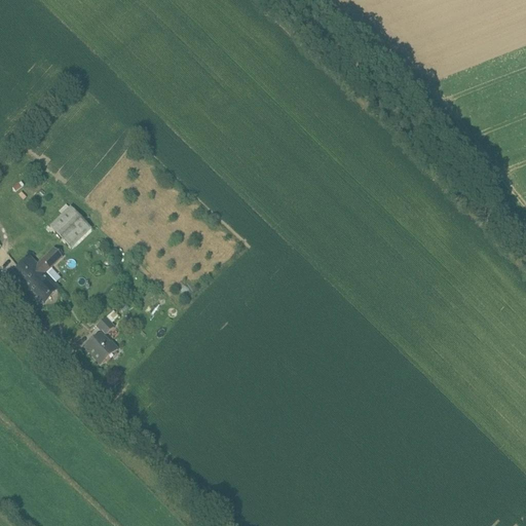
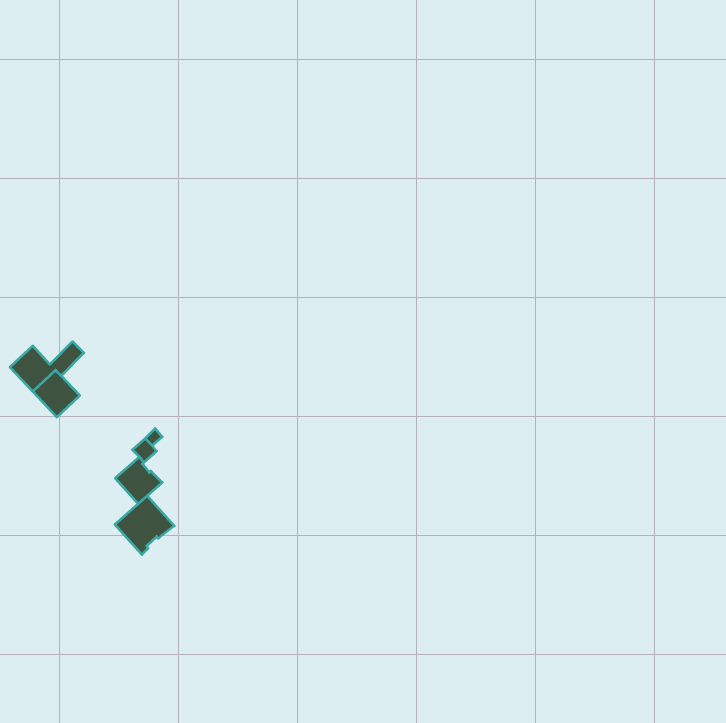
building: [49,205,90,247] -> none
building: none -> [115,496,174,555]

